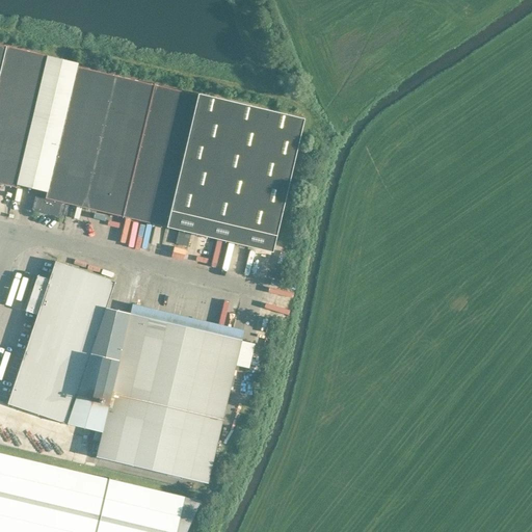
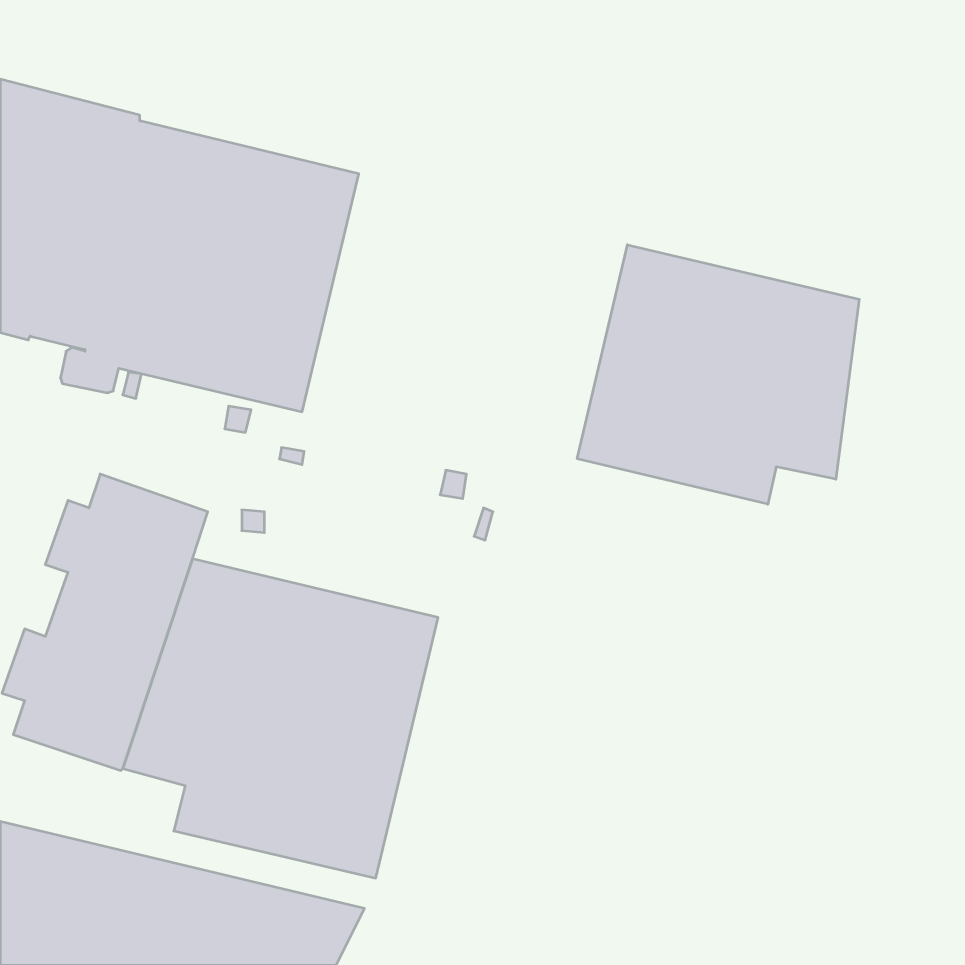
building: [166,94,303,251] -> none
building: none -> [577,245,859,504]

